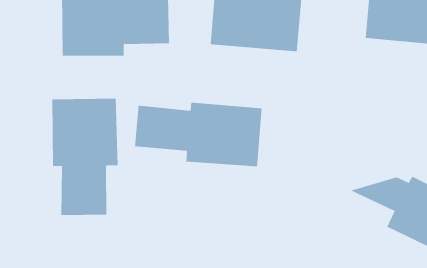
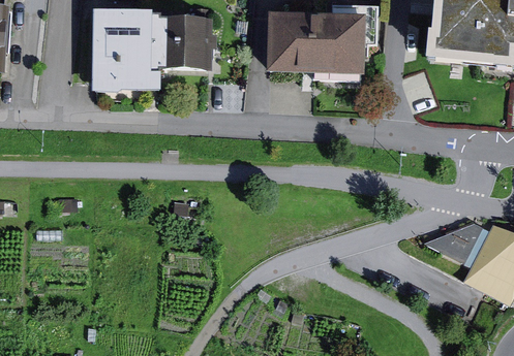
building: [52,98,118,216] -> none
building: [135,102,262,167] -> none

